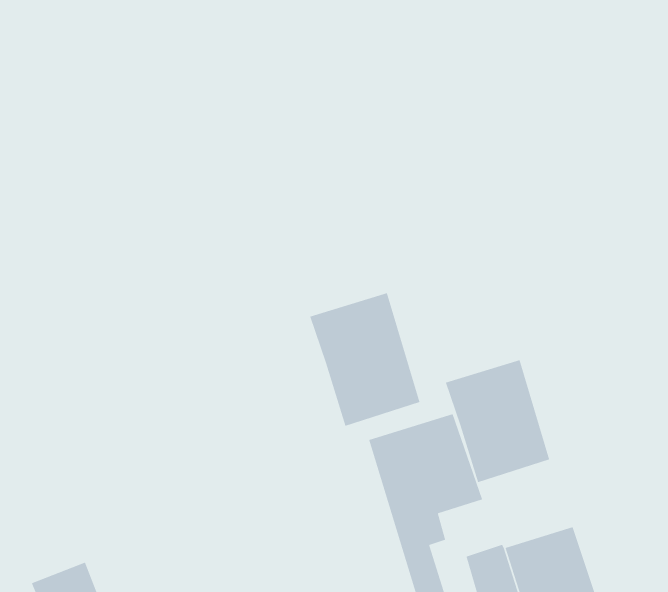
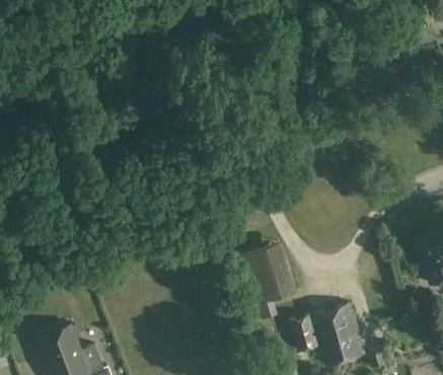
building: [309,292,420,427] -> none
building: [445,359,550,483] -> none

